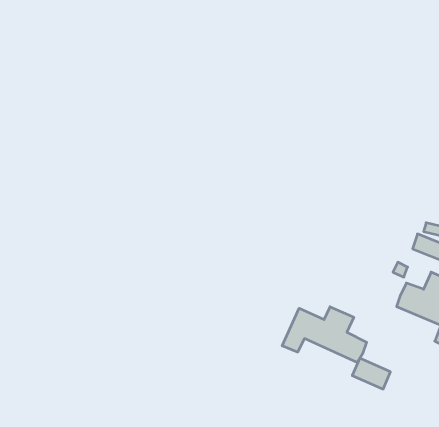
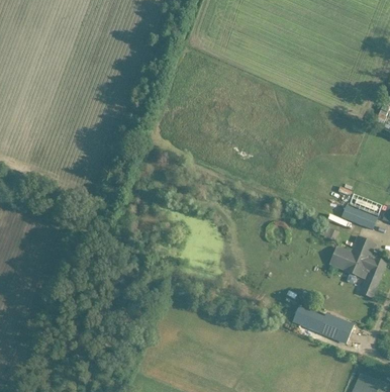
building: [282,307,367,363] -> none
building: none -> [317,312,354,342]

